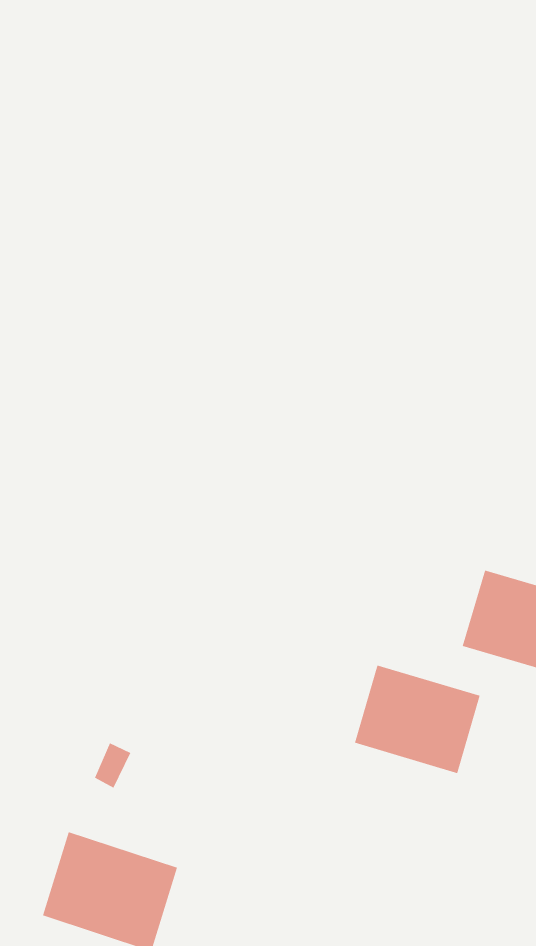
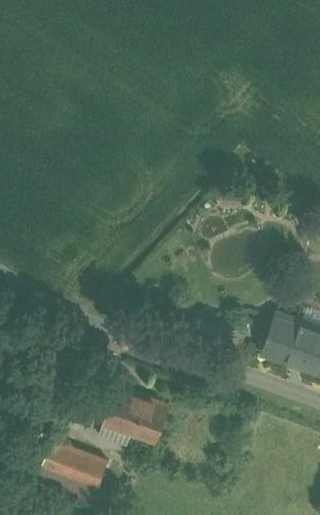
building: [354,665,480,774] -> [101,387,168,447]

